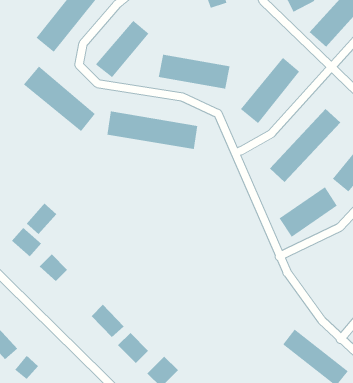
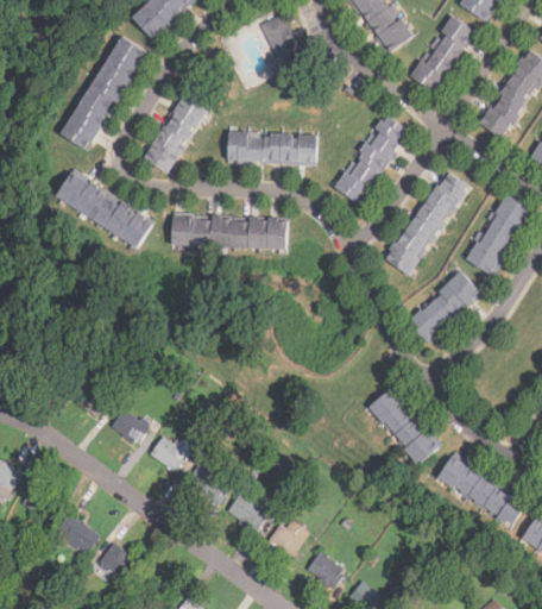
building: [26,202,57,235] -> none
building: none -> [367,388,440,465]
building: none -> [149,433,195,475]

